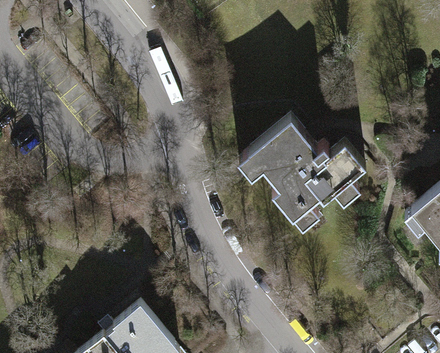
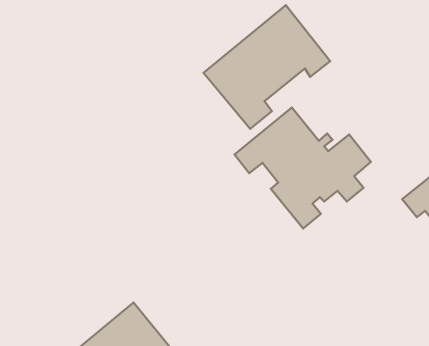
building: none -> [203,5,330,129]

